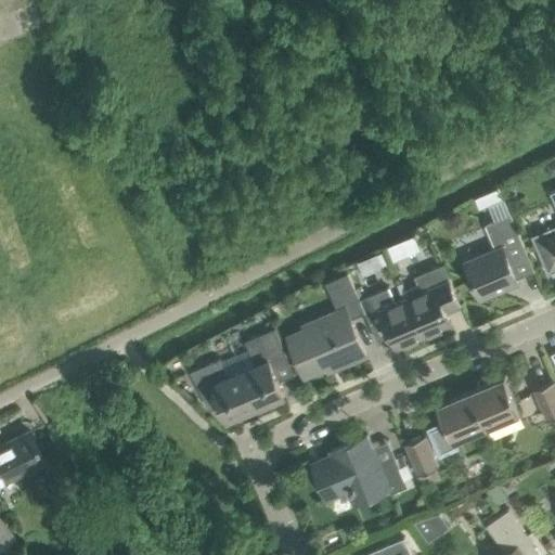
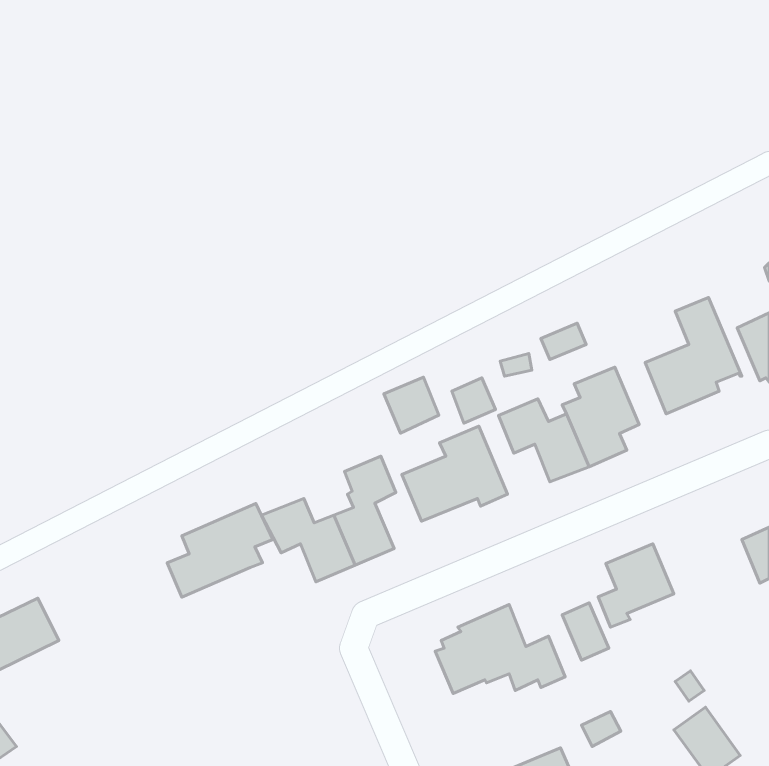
building: none -> [384,377,439,433]
building: none -> [167,503,273,597]
building: [468,380,518,430] -> none

